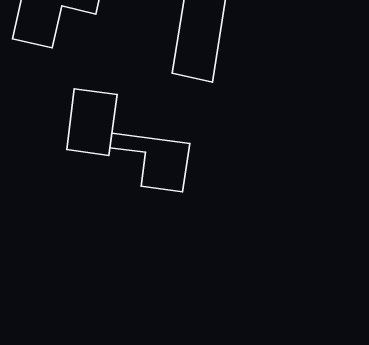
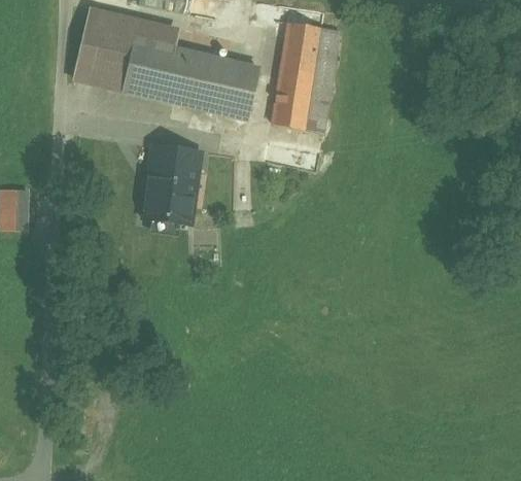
building: none -> [121,39,259,121]
building: [110,133,190,192] -> none

